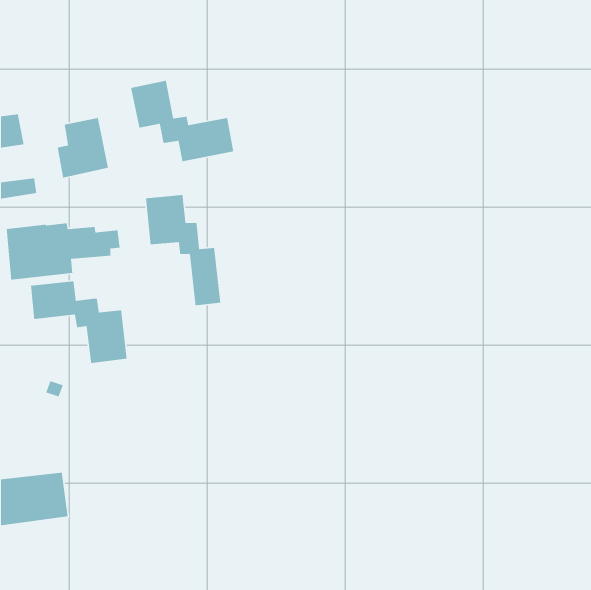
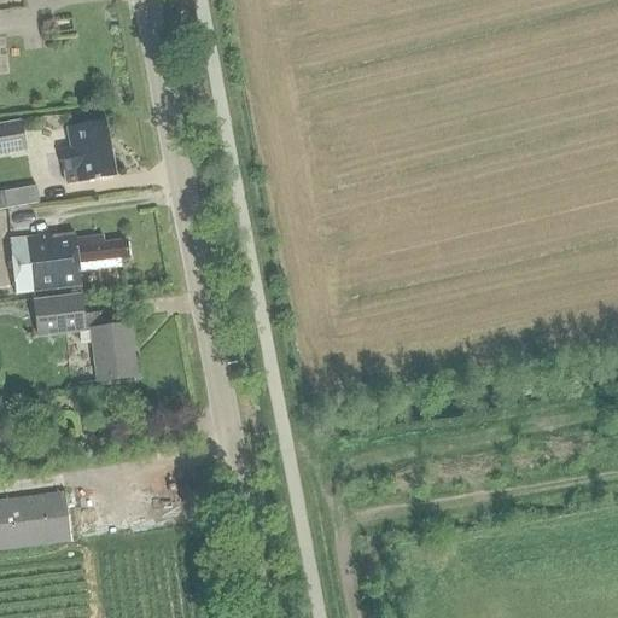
building: [130,80,234,162] -> none
building: [145,194,221,306] -> none

